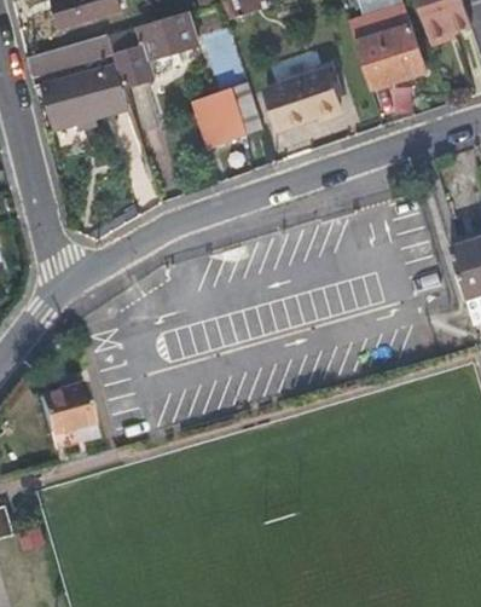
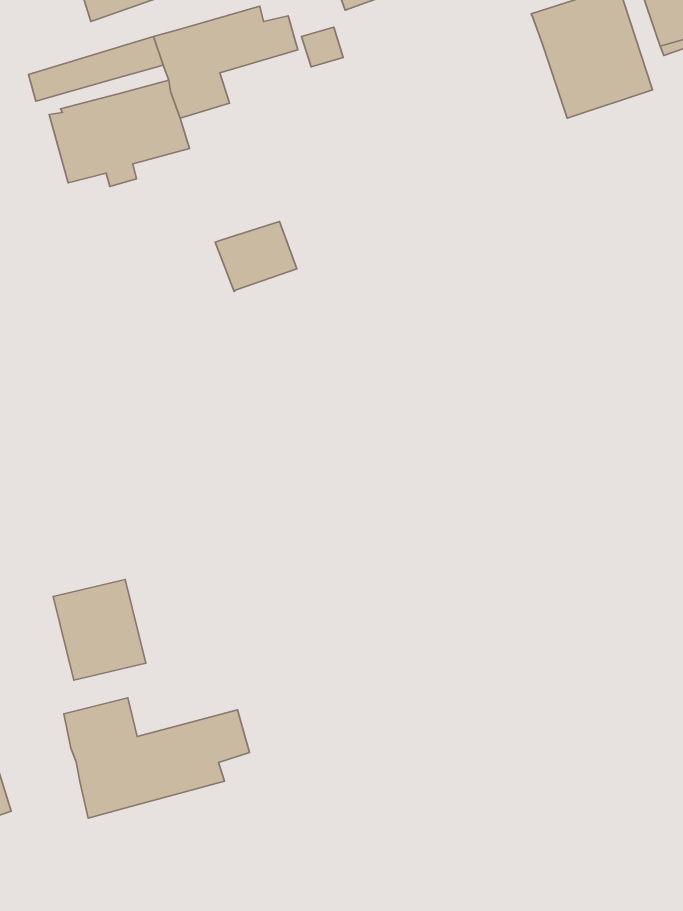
building: [274,68,338,121] -> none
building: [195,100,247,145] -> [215,221,297,292]
building: none -> [64,698,249,818]

